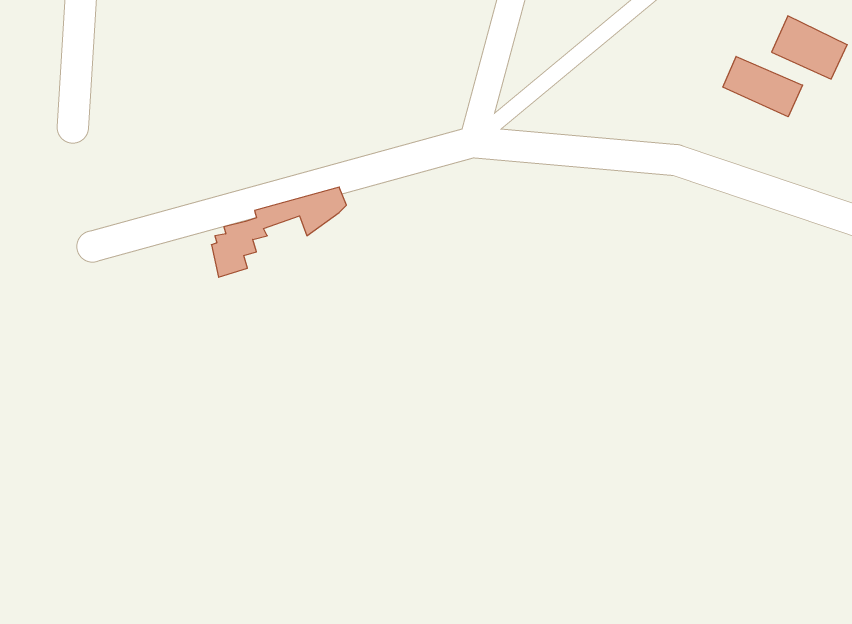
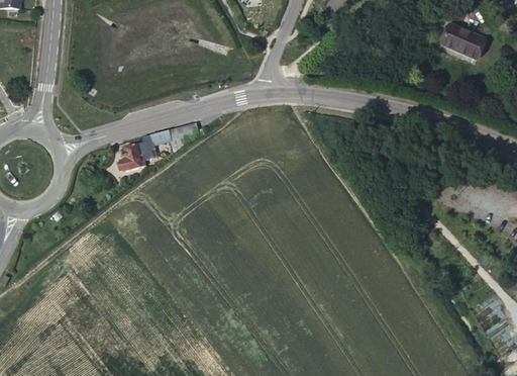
building: [723,56,803,117] -> none

